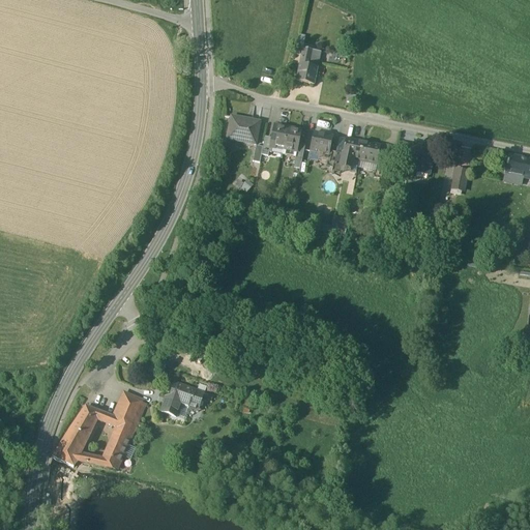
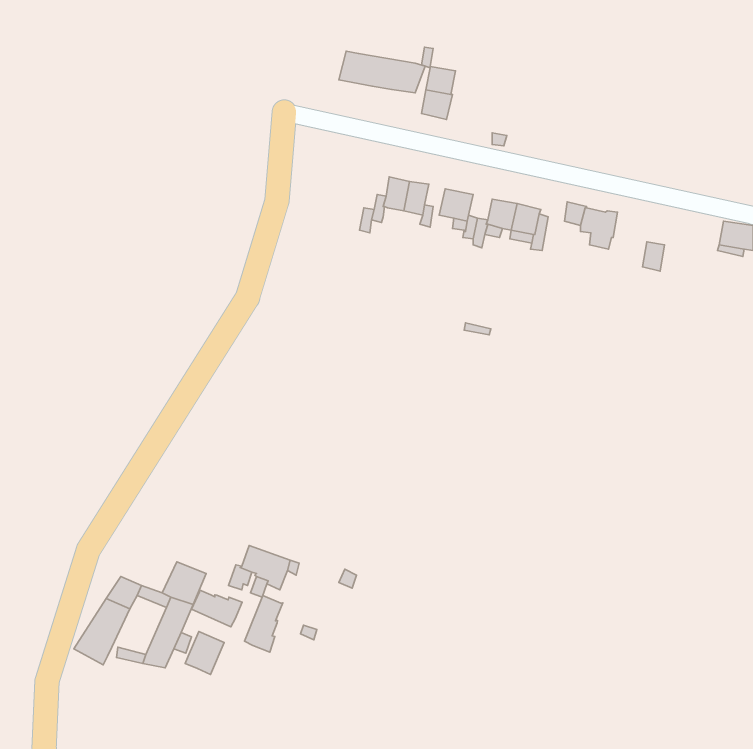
building: none -> [339,51,425,93]
building: [227,116,259,141] -> none
building: none -> [191,590,242,627]
building: none -> [244,596,283,652]
building: none -> [185,631,224,675]

